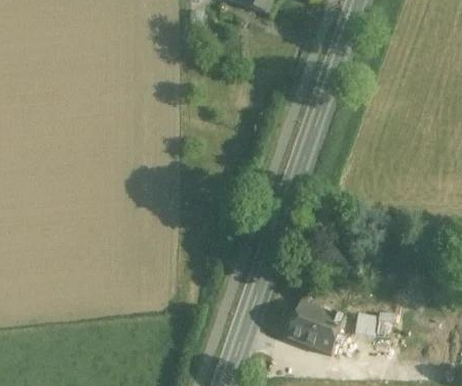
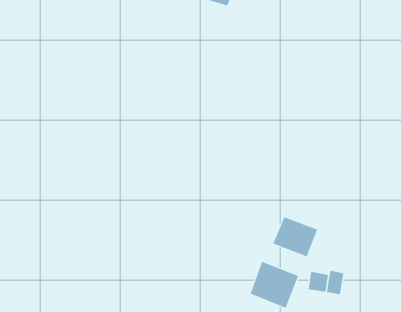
building: none -> [273,216,318,257]

